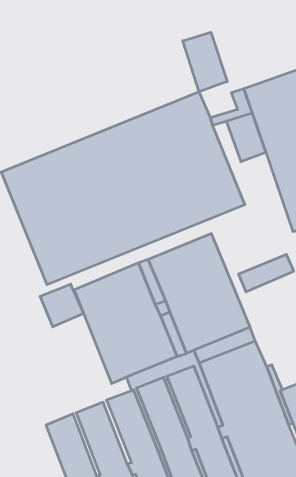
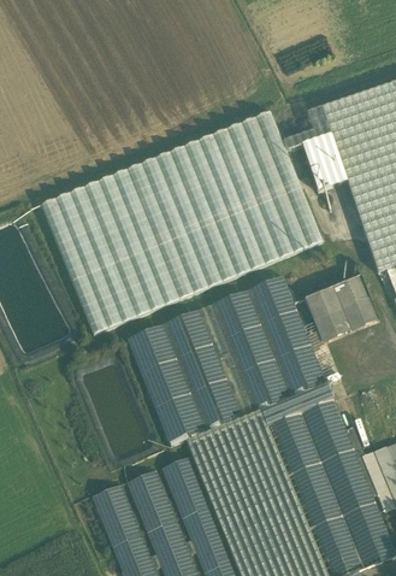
building: [183,32,227,92] -> none
building: none -> [306,274,371,321]
building: [40,284,84,327] -> none

